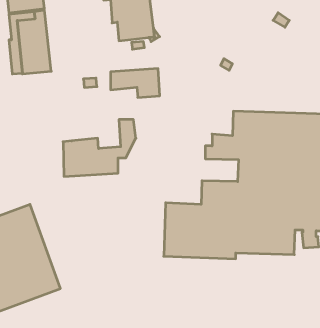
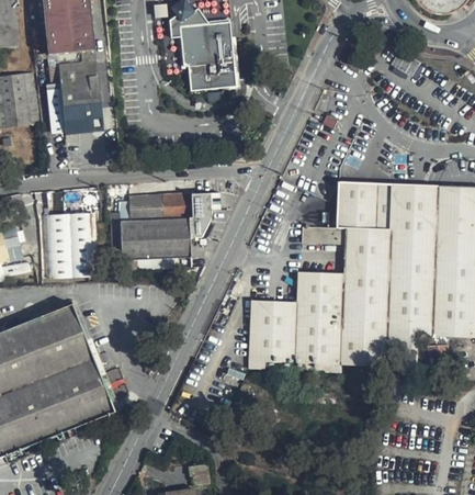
building: [111,69,160,97] -> [128,192,192,229]
building: none -> [44,215,97,280]

